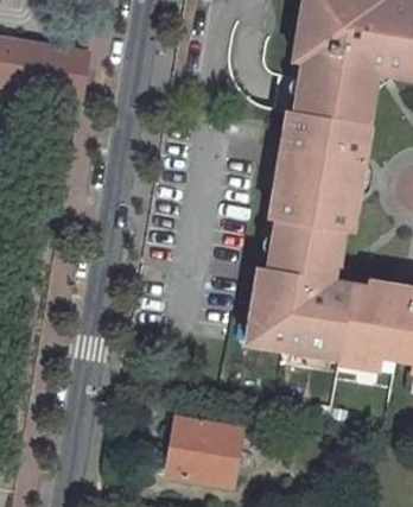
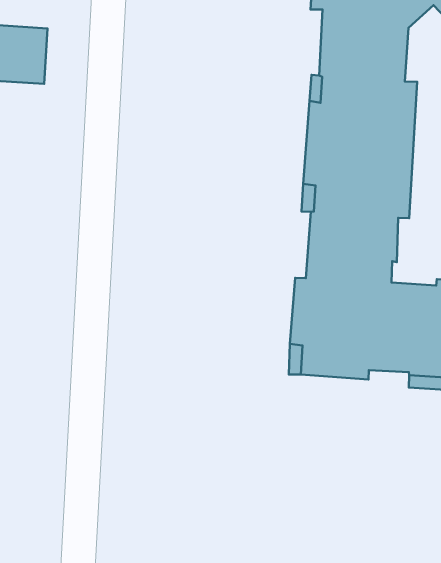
building: [166,417,242,483] -> none

